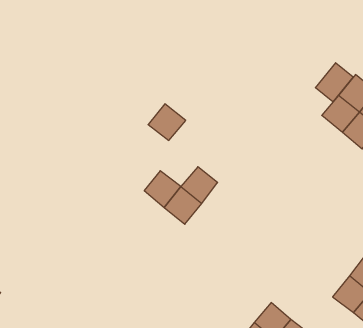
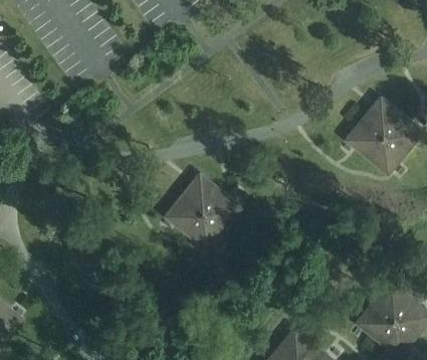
building: [315,63,353,102] -> none
building: [148,104,186,140] -> [182,174,220,211]

